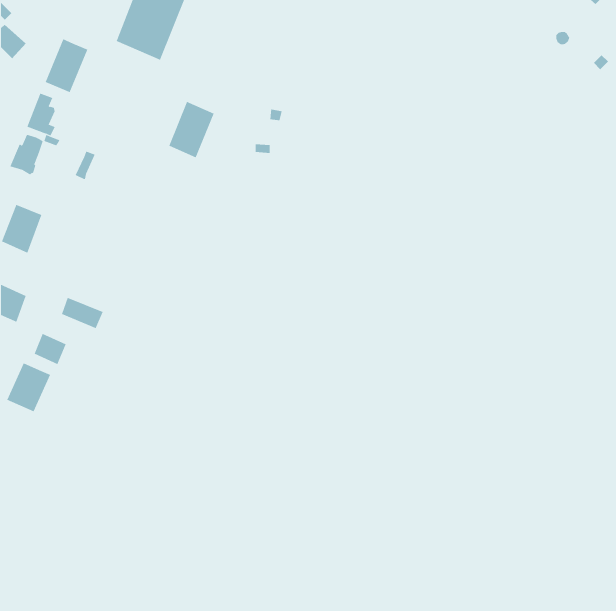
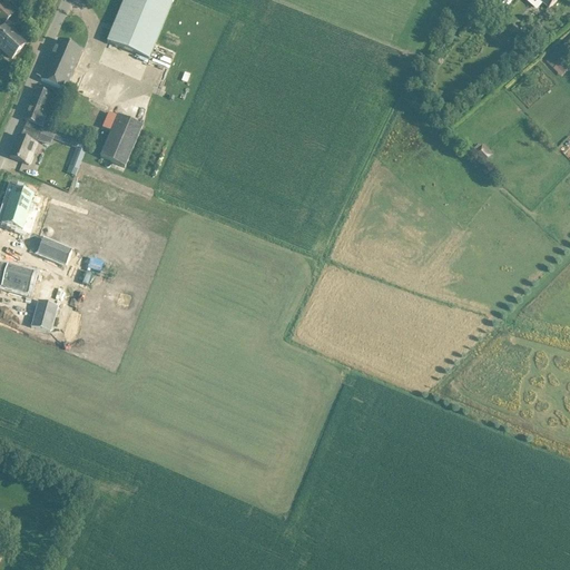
building: [168,101,214,158] -> [101,111,144,164]
building: [61,297,103,329] -> [32,234,71,263]
building: [7,362,51,412] -> none

